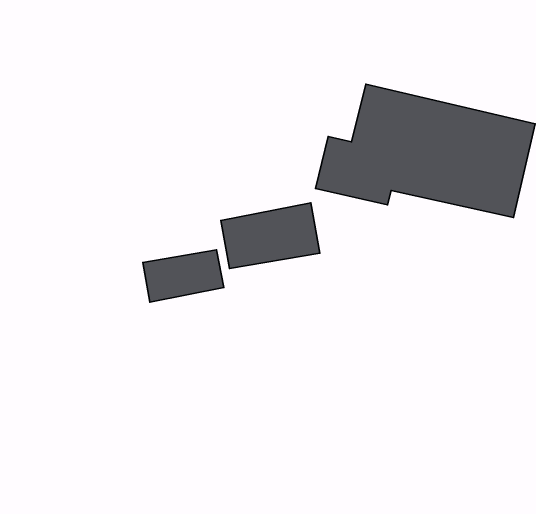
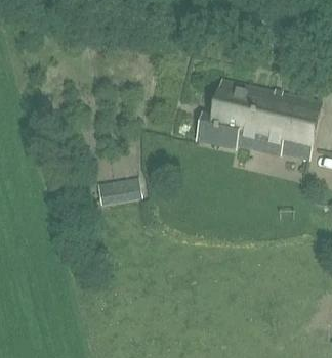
building: [221,203,320,269] -> none

